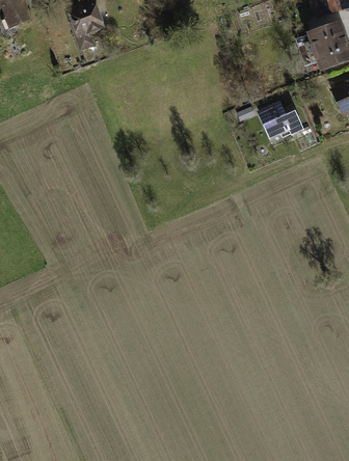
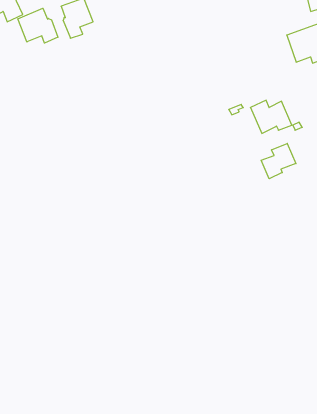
building: none -> [18,8,58,43]
building: none -> [261,143,296,179]

